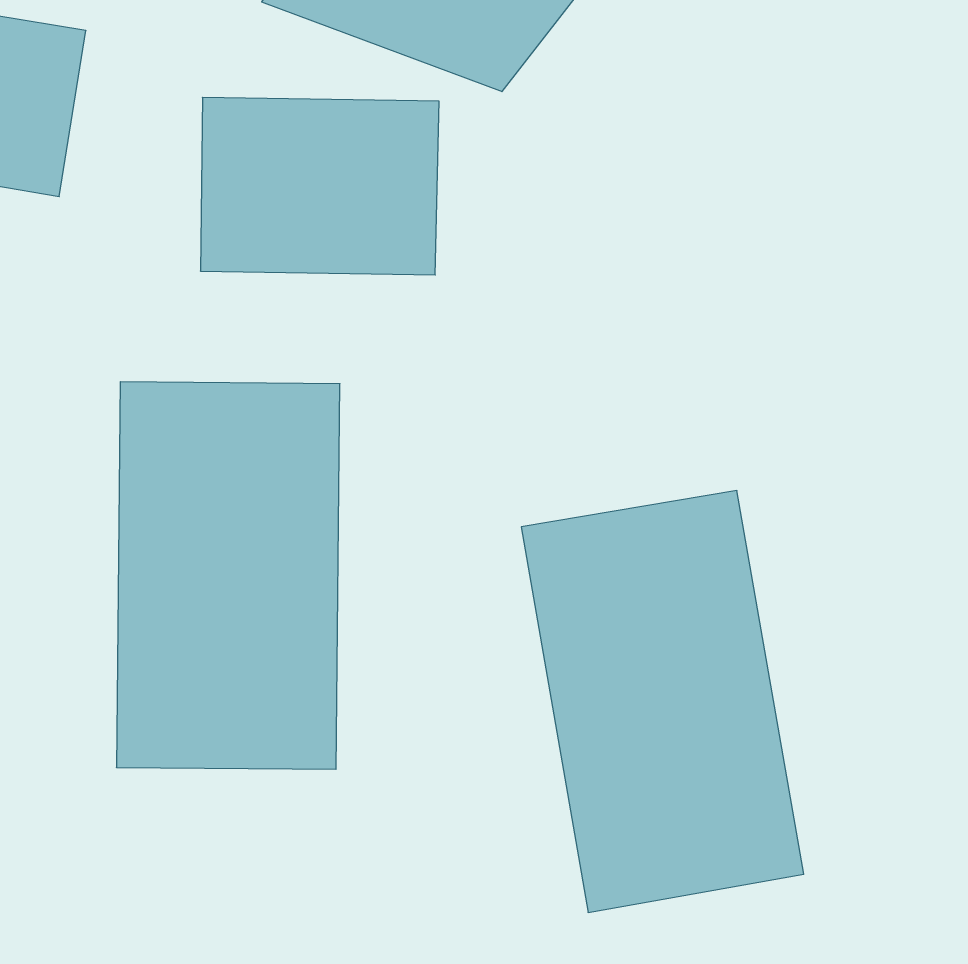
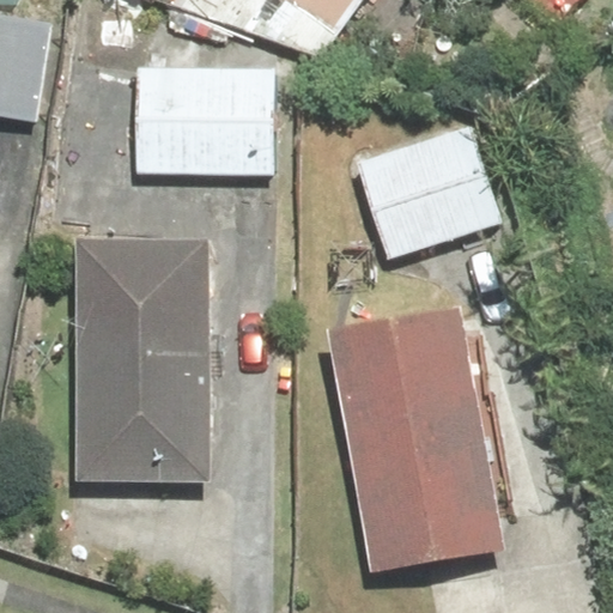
building: none -> [350,117,505,261]

